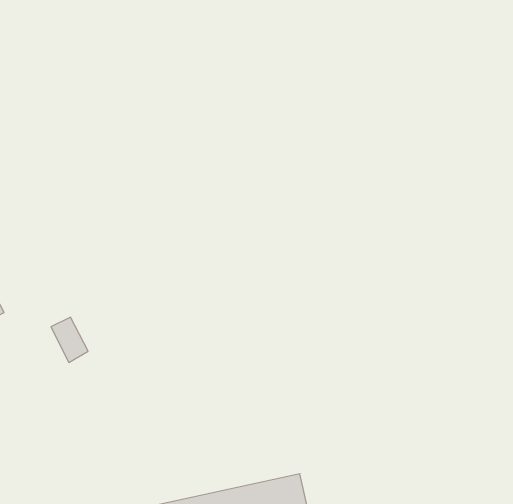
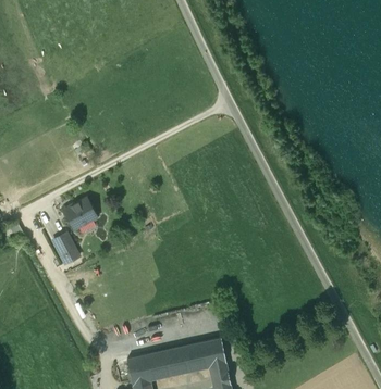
building: none -> [64,198,97,228]

